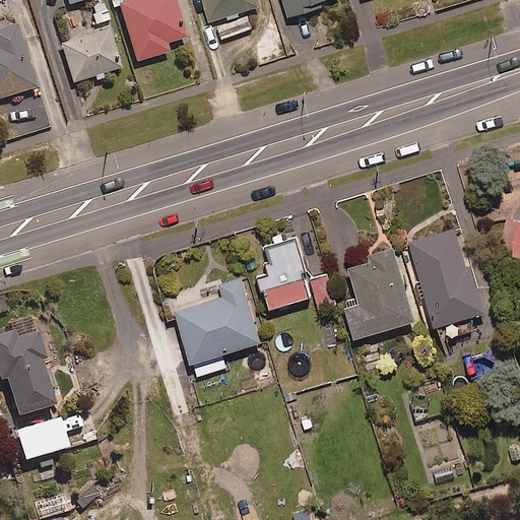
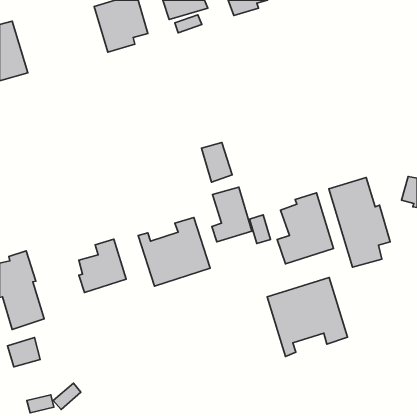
building: [61,36,119,87] -> none
building: none -> [201,142,232,182]
building: none -> [79,239,126,293]
building: none -> [267,278,348,356]

